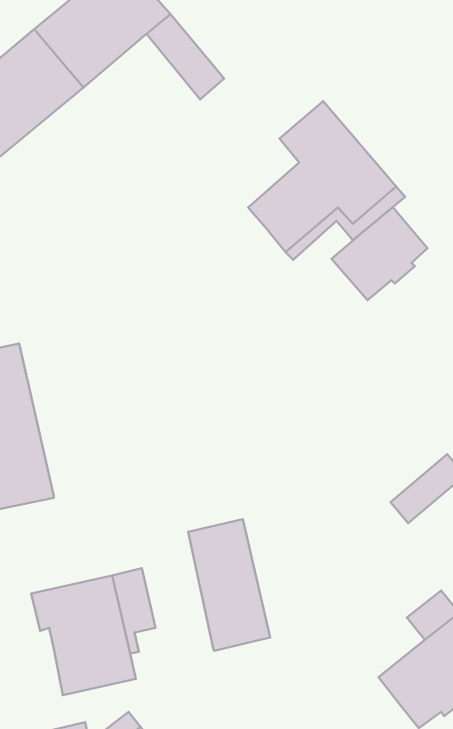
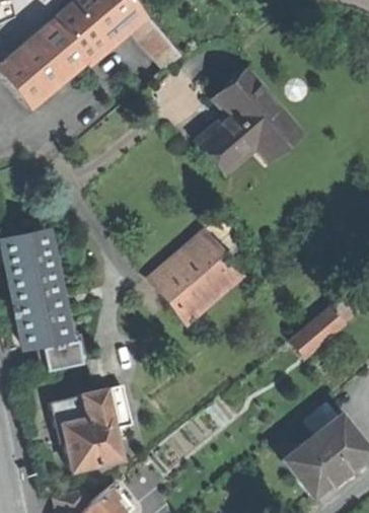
building: [332,207,427,300] -> none
building: none -> [152,229,244,319]
building: none -> [34,334,84,364]
building: [188,519,270,651] -> none

